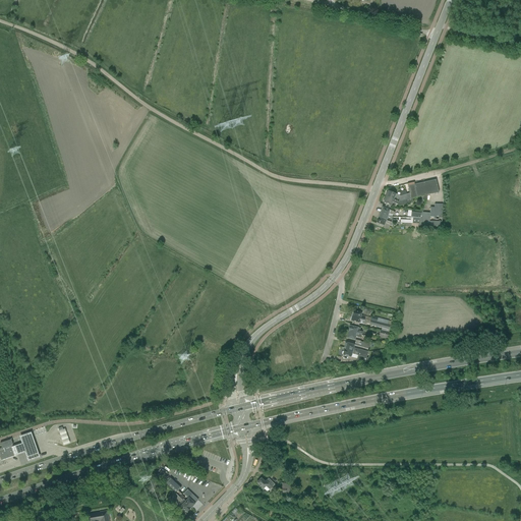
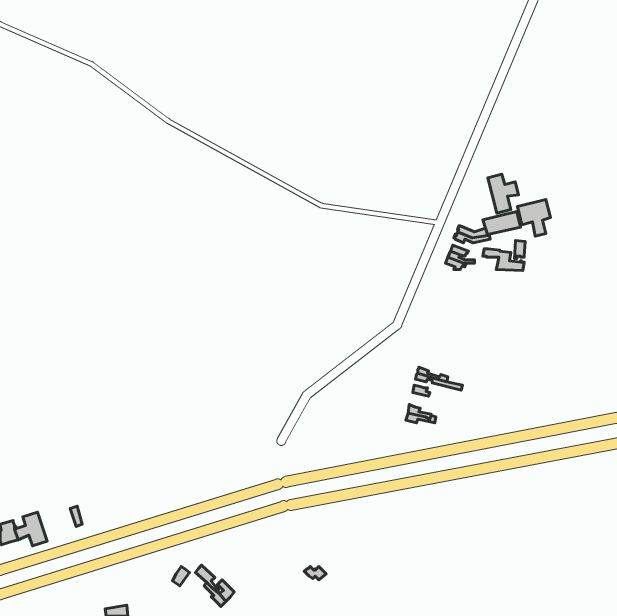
building: none -> [488,174,519,213]
building: none -> [517,199,550,236]

